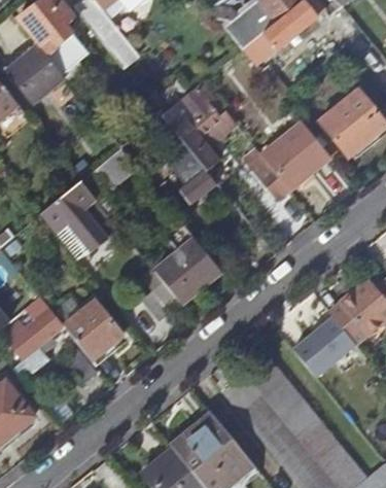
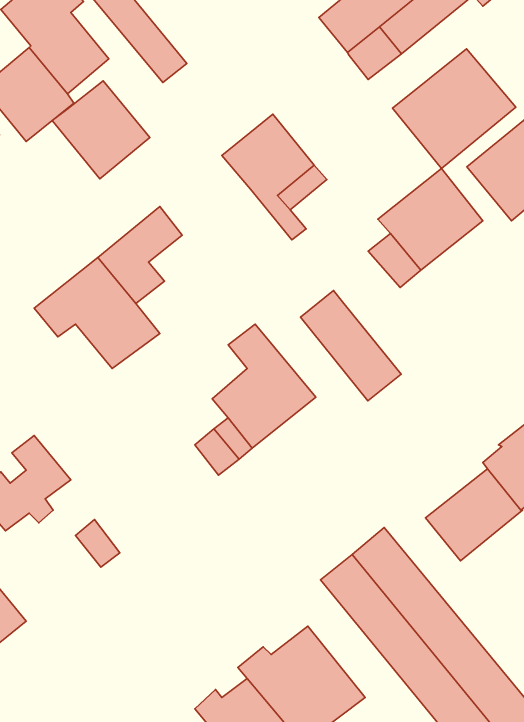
building: none -> [392,49,516,168]
building: none -> [52,81,150,179]
building: [176,161,215,203] -> none
building: none -> [300,291,401,401]
building: [64,300,122,359] -> none

